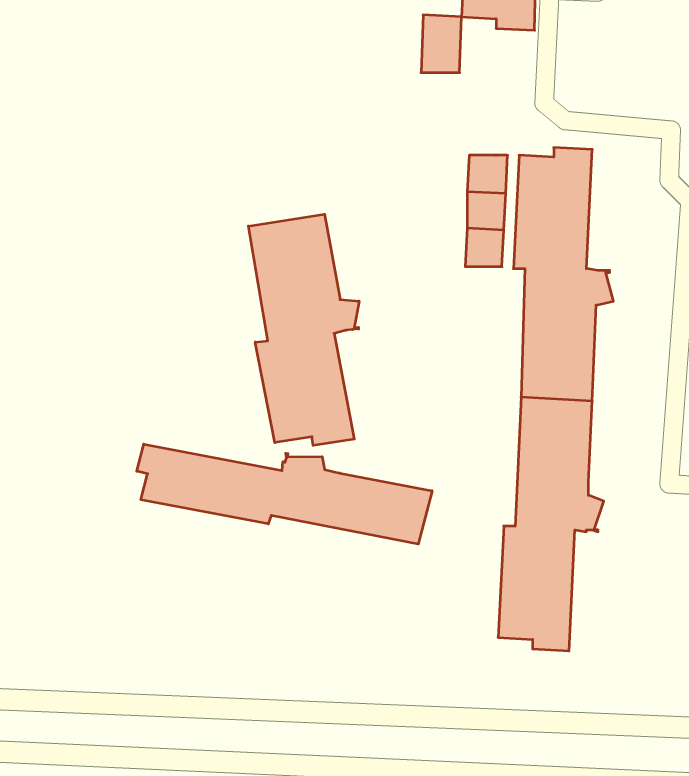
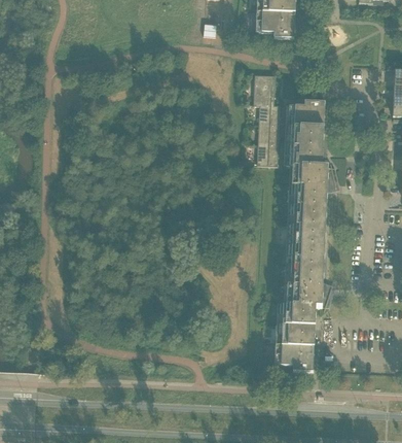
building: [421,15,461,73] -> [254,73,276,104]
building: [248,214,359,445] -> none
building: [137,444,432,544] -> none

